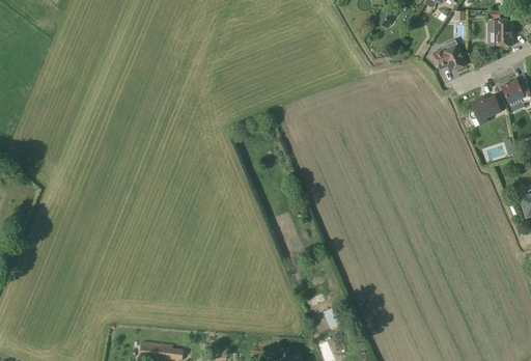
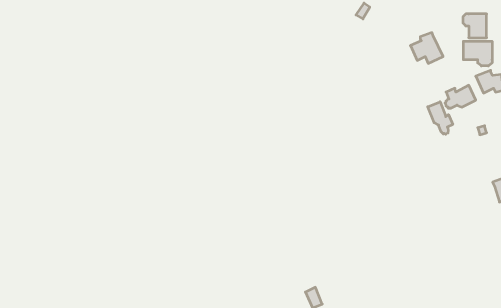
building: none -> [463,41,492,66]
building: none -> [428,102,453,134]

